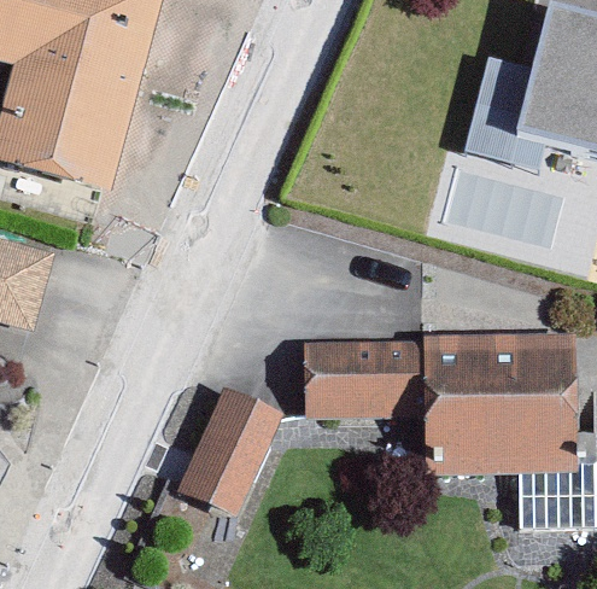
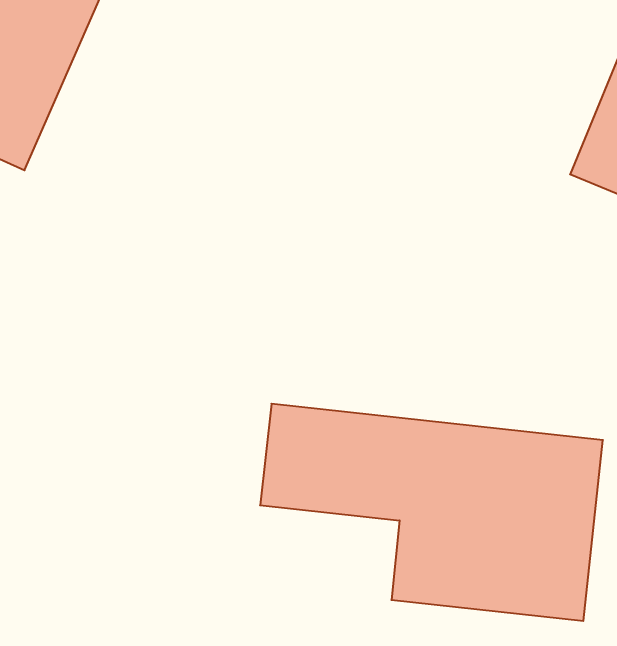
building: [183,389,279,511] -> none

